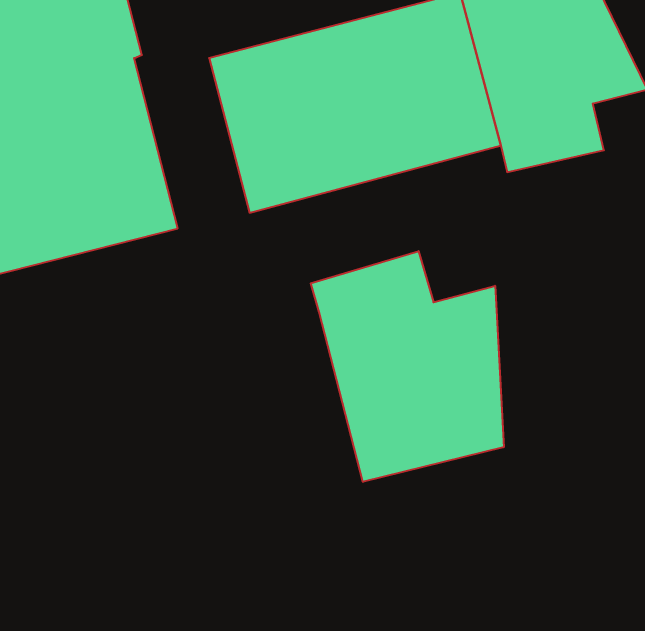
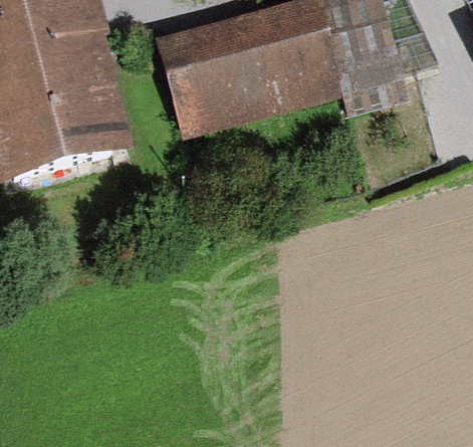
building: [311,251,504,482] -> none

